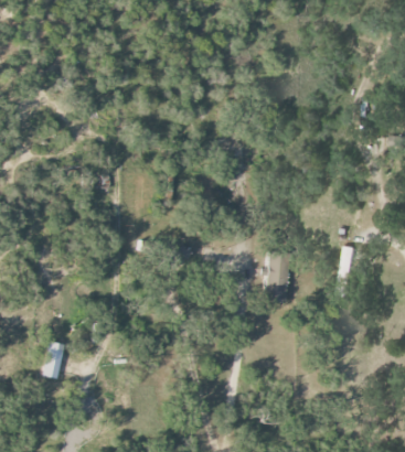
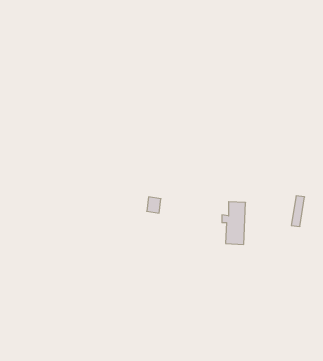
building: [42,342,61,378] -> none

